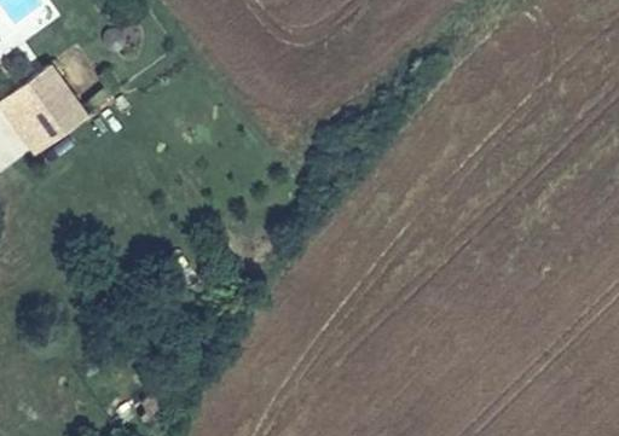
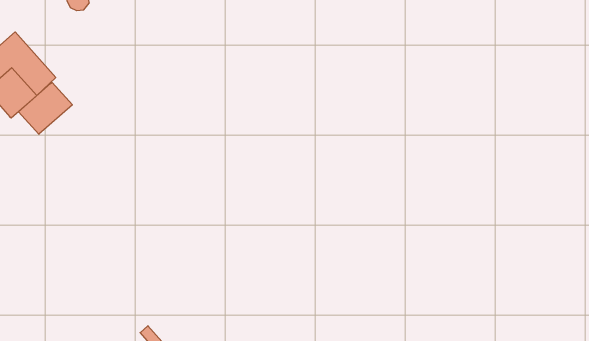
building: none -> [19,82,72,134]

